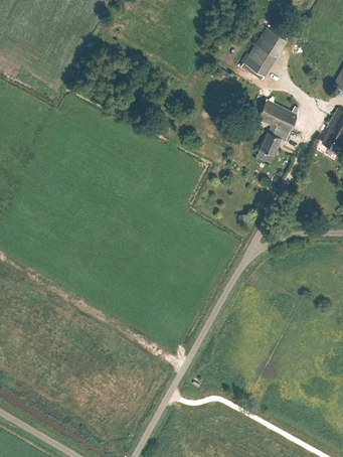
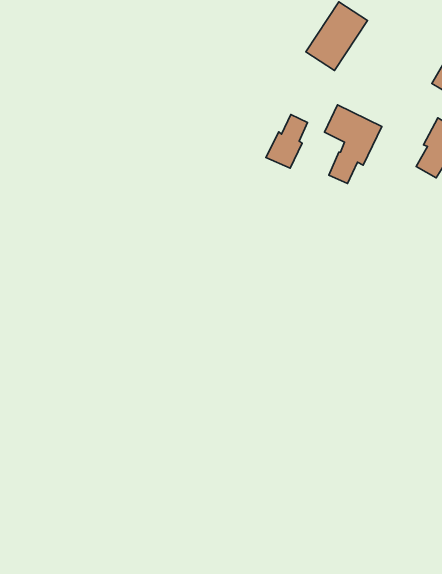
building: none -> [266,115,307,168]

